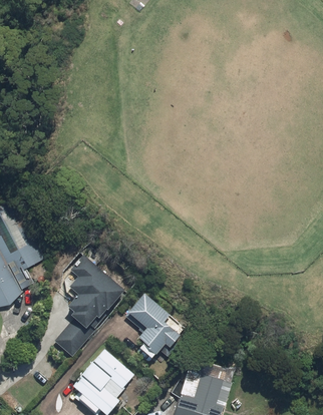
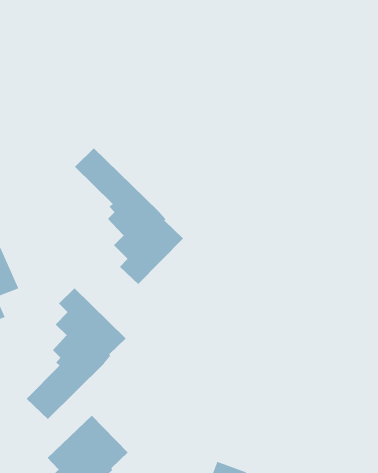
building: none -> [74,148,184,285]
building: [123,293,181,358] -> none

